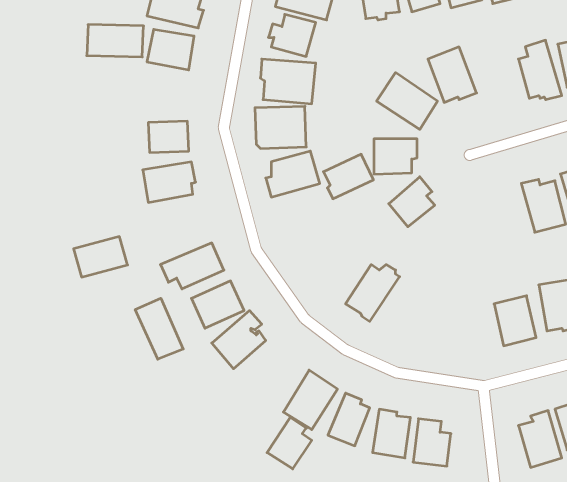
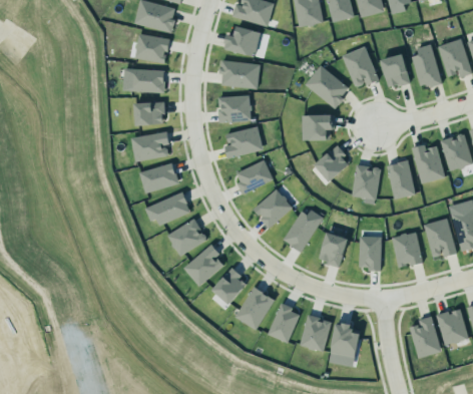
building: [87,25,144,57] -> [123,68,165,92]
building: none -> [380,50,411,87]
building: [323,154,373,199] -> [234,158,272,191]
building: none -> [387,160,416,199]
building: none -> [350,162,380,198]
building: none -> [252,186,292,227]
building: [74,237,128,277] -> [139,162,179,192]
building: none -> [319,229,349,266]
building: [135,298,183,359] -> none
building: none -> [360,236,382,269]
building: [267,417,312,469] -> [213,266,247,304]

